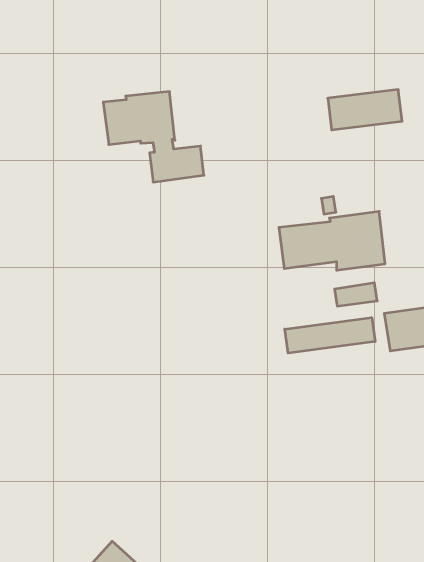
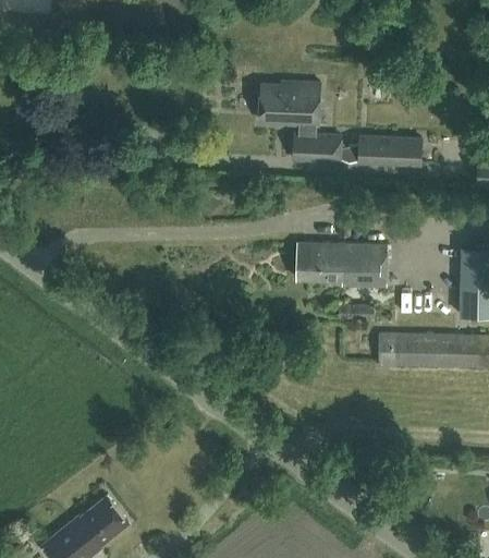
building: [103,92,204,182] -> [259,81,340,161]
building: [285,318,375,353] -> none

